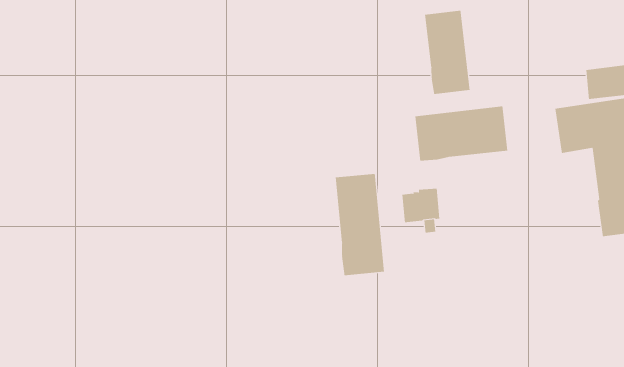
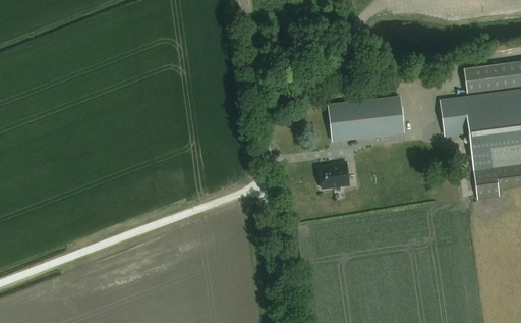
building: [424,10,470,95] -> none
building: [335,173,384,276] -> none

